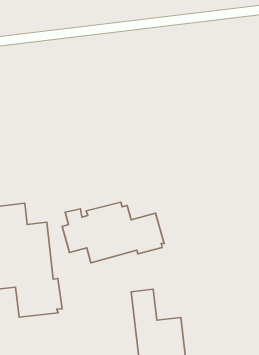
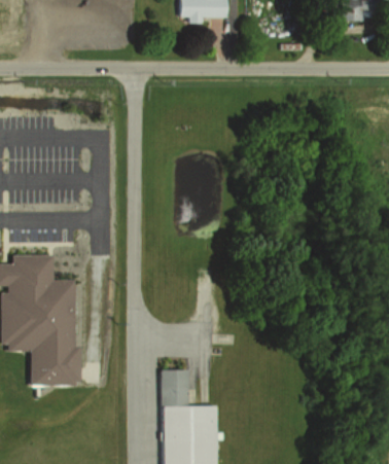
building: [62,202,164,263] -> none

